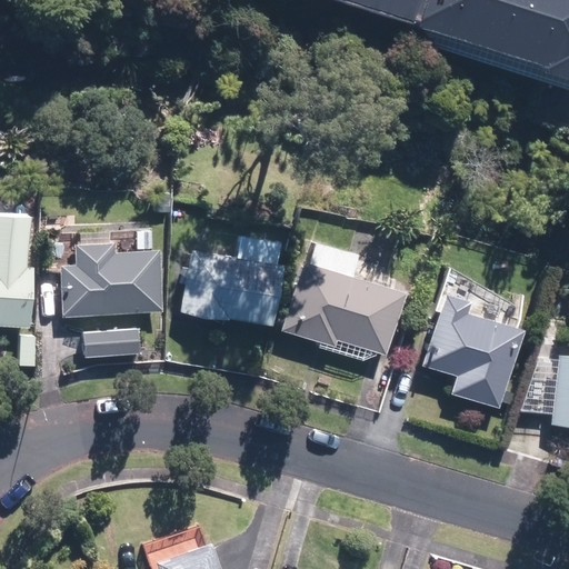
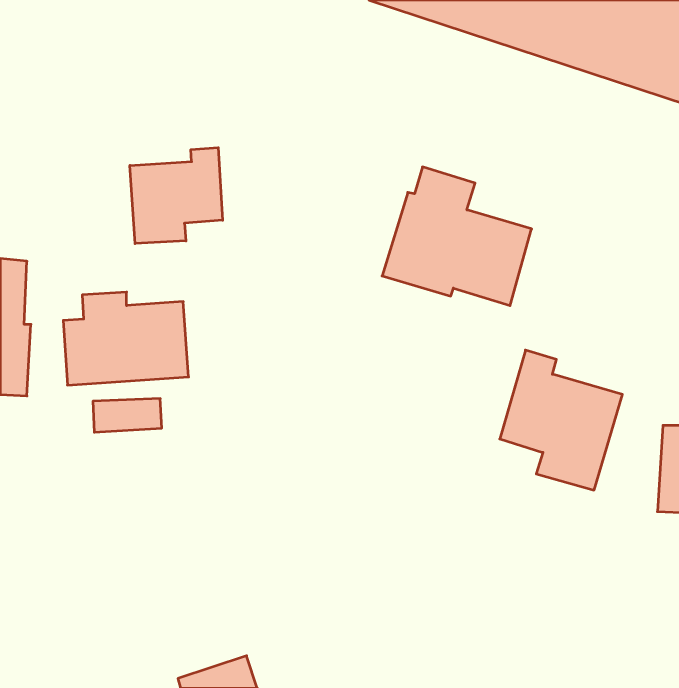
building: none -> [130,148,223,244]
building: [178,236,281,326] -> none
building: [287,238,410,352] -> [382,167,532,306]

